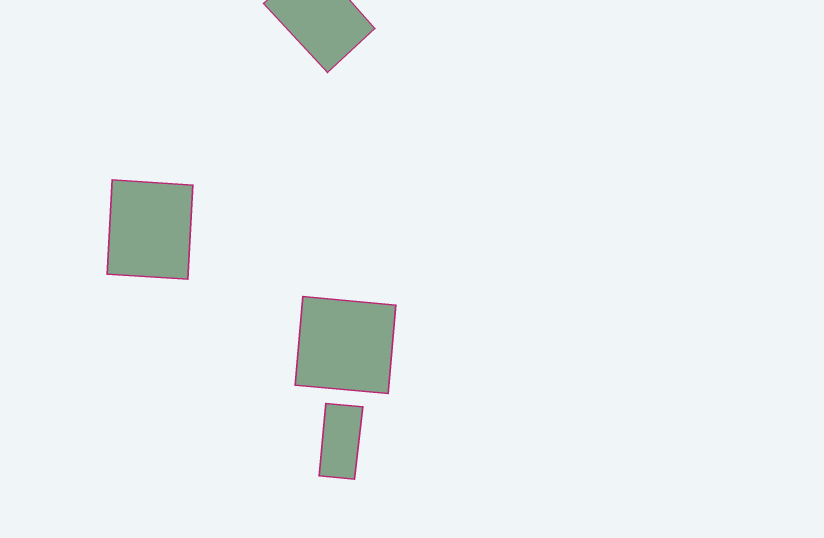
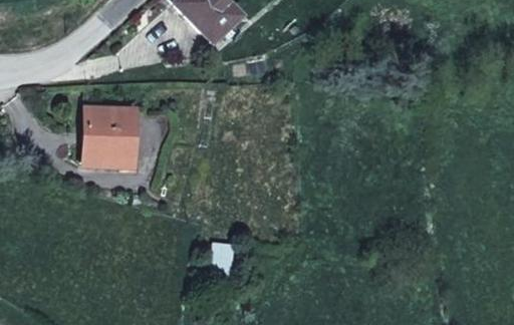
building: [295,296,396,394] -> none

